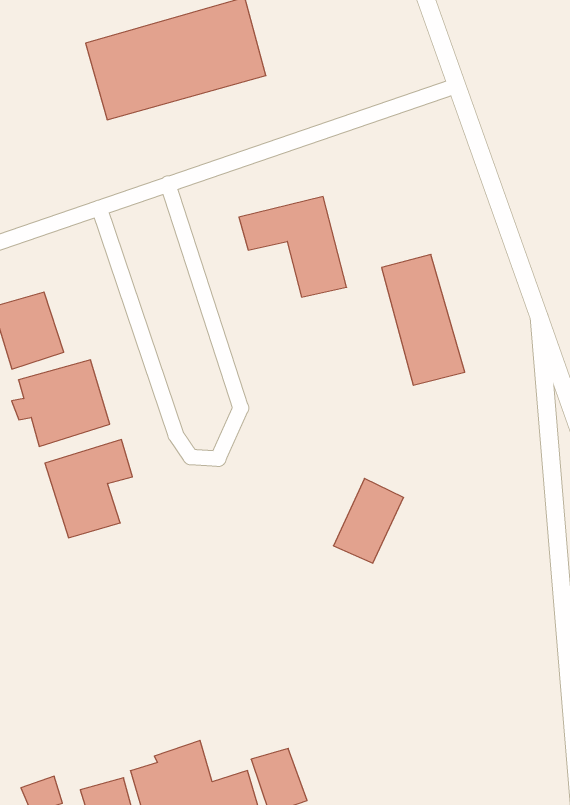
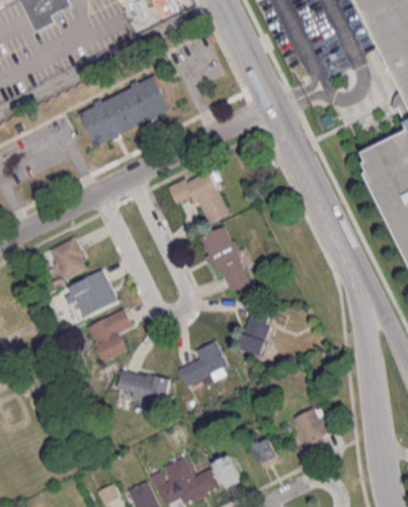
building: [382,254,465,385] -> [201,226,251,293]
building: none -> [178,341,227,386]
building: none -> [118,371,168,405]
building: none -> [293,406,332,447]
building: none -> [252,438,277,468]

